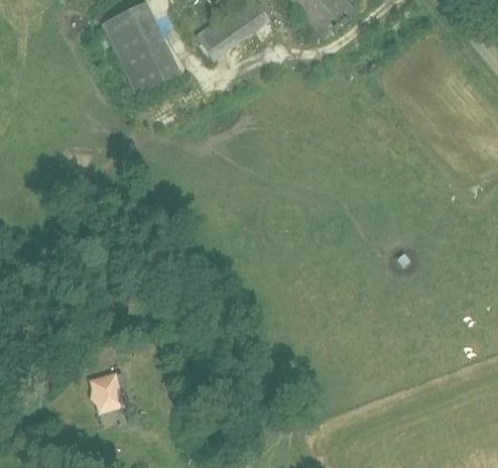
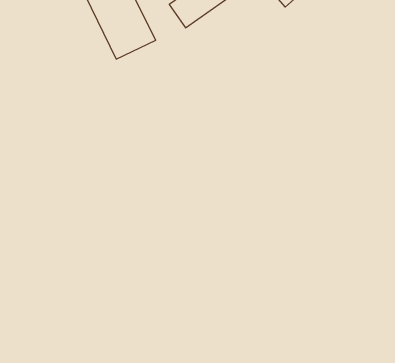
building: [92,371,124,411] -> none

